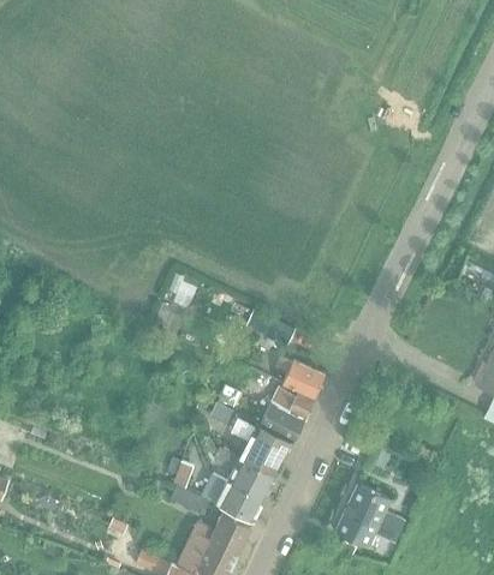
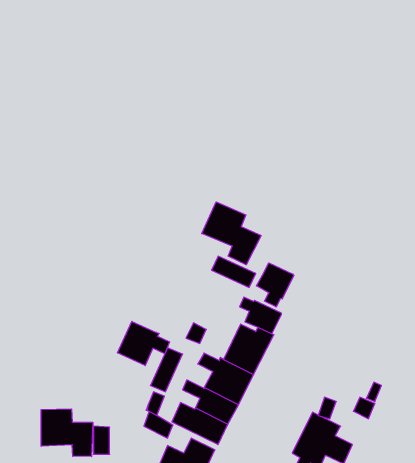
building: none -> [202,202,261,265]
building: none -> [256,263,294,307]
building: none -> [118,321,169,366]
building: none -> [41,409,93,457]

